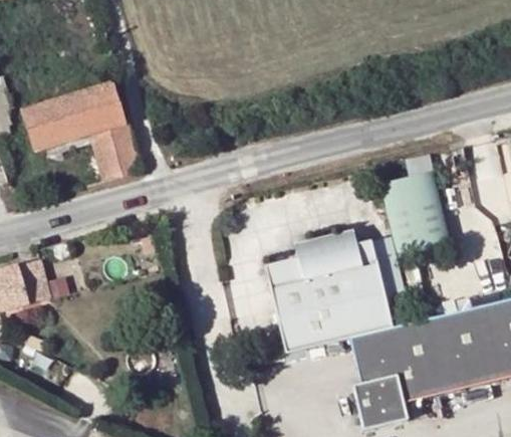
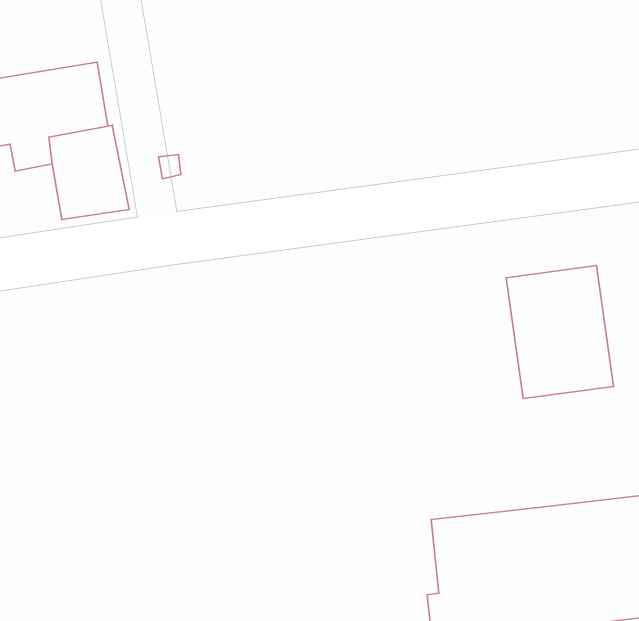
building: [265,232,393,352] -> none

